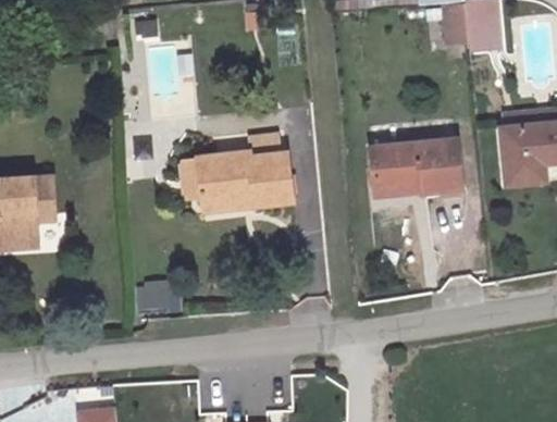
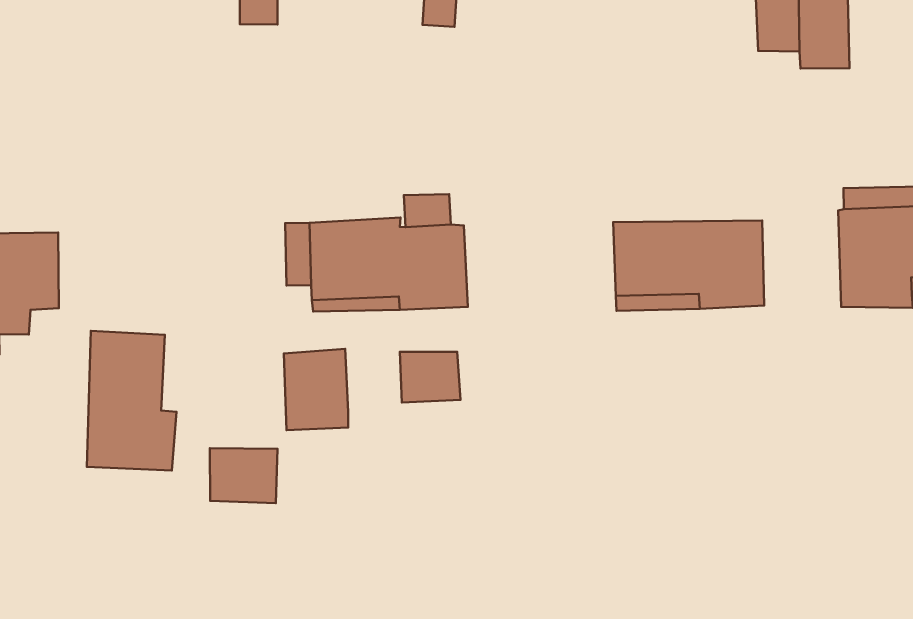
building: none -> [400,352,461,402]
building: none -> [87,331,176,470]
building: none -> [284,349,348,430]

